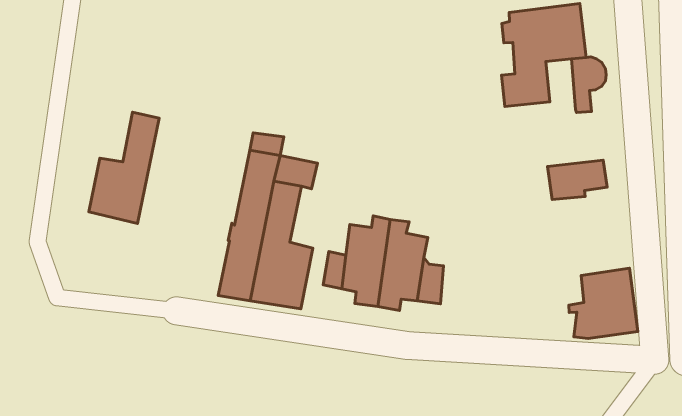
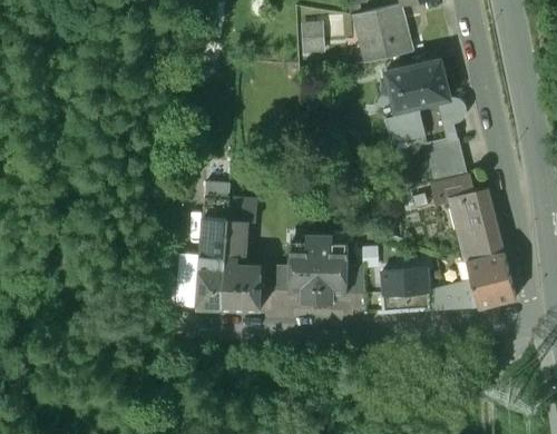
building: none -> [424,137,467,180]
building: [89,112,159,224] -> none
building: none -> [459,190,501,262]
building: none -> [379,268,466,315]

